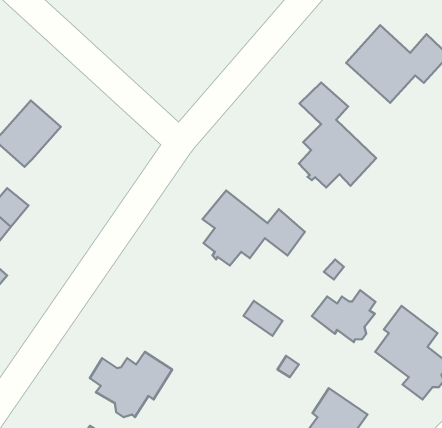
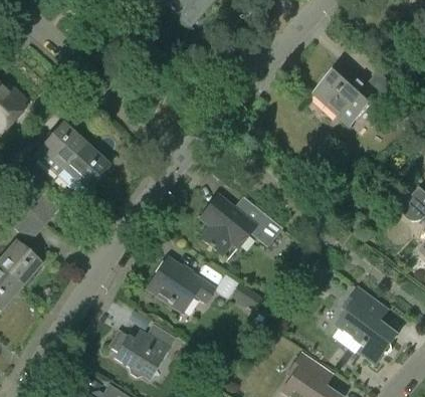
building: [299,83,376,188] -> none
building: none -> [56,144,110,192]
building: none -> [147,258,213,312]
building: [312,290,375,342] -> none

